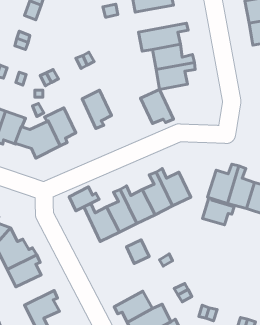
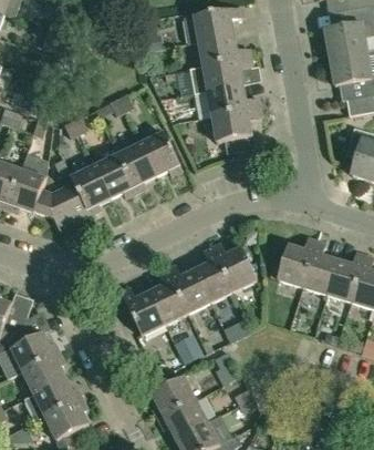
building: none -> [198,34,250,67]
building: [140,89,173,123] -> [139,132,181,175]
building: none -> [94,154,135,197]
building: [69,187,99,211] -> none
building: [202,198,234,225] -> none
building: none -> [150,376,195,419]
building: none -> [23,378,82,421]

